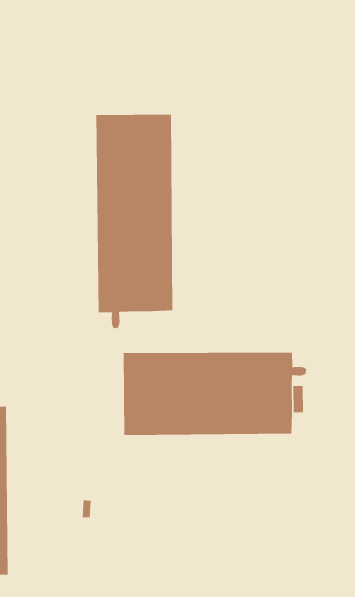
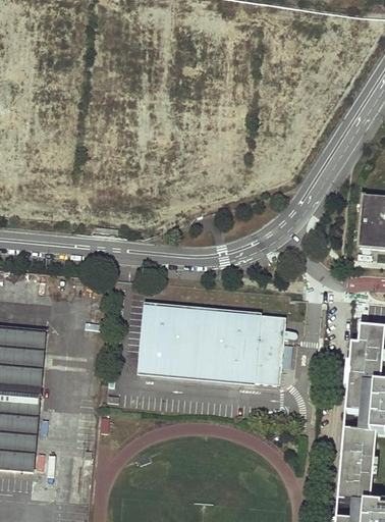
building: [96,114,173,329] -> none

